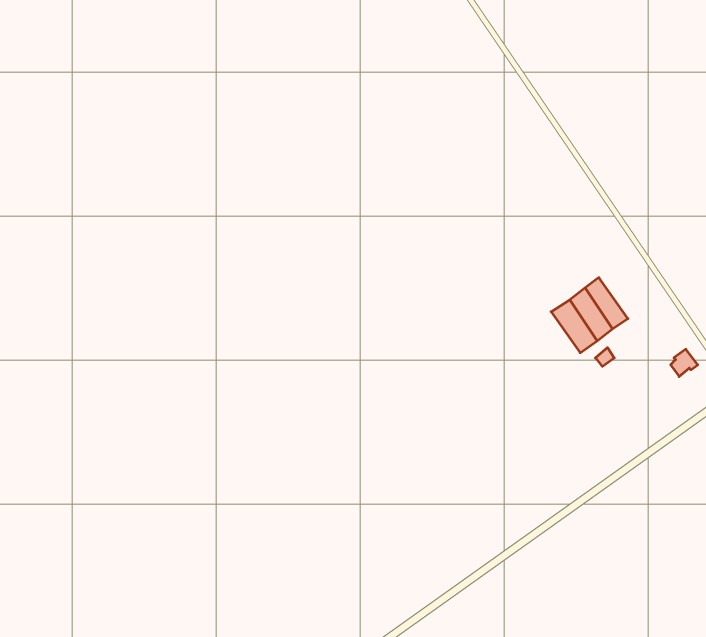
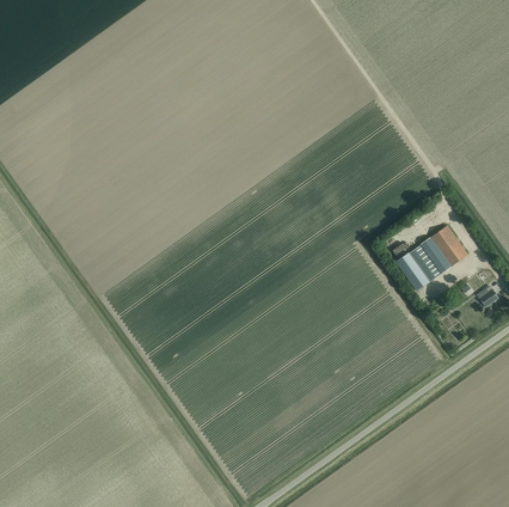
building: none -> [429,226,466,267]

